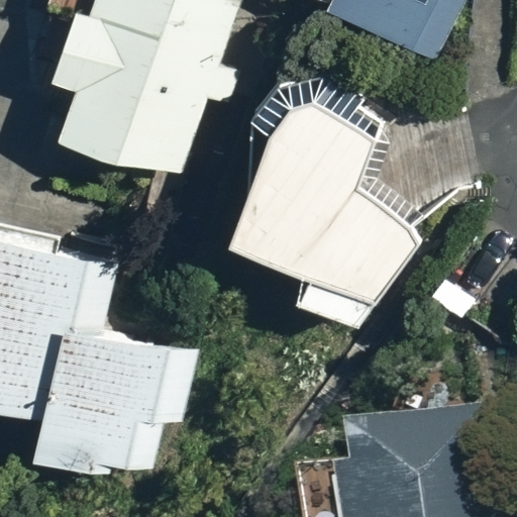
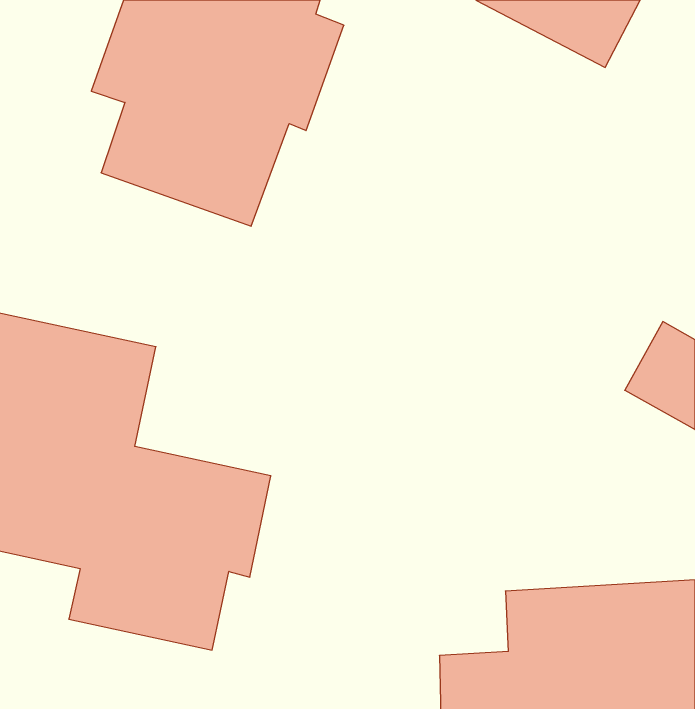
building: [249,99,424,322] -> none

